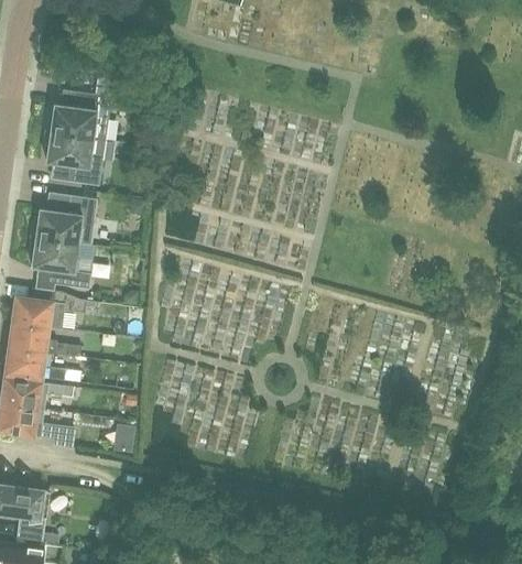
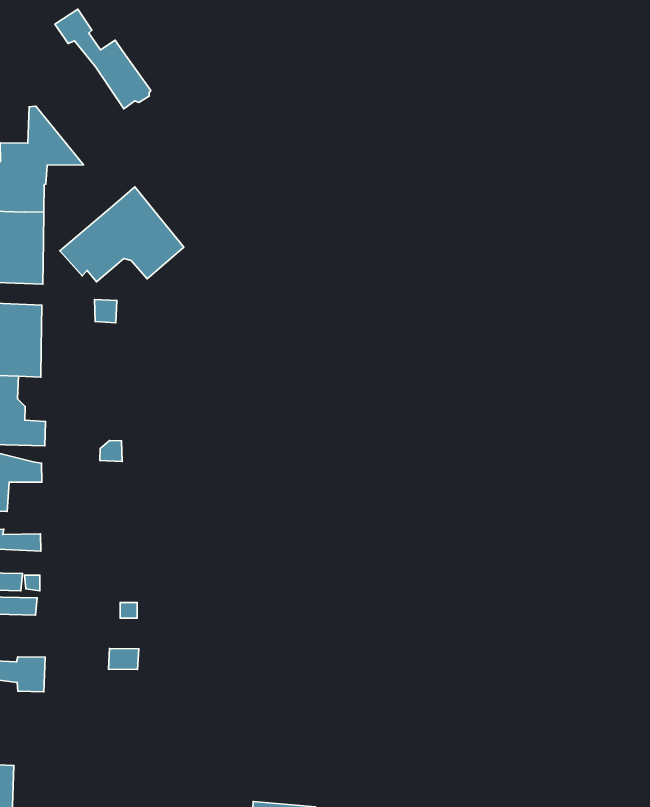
building: none -> [55,9,151,109]
building: none -> [60,187,184,282]

